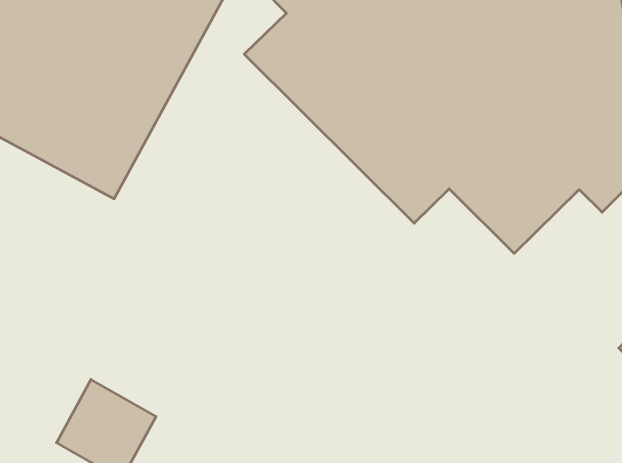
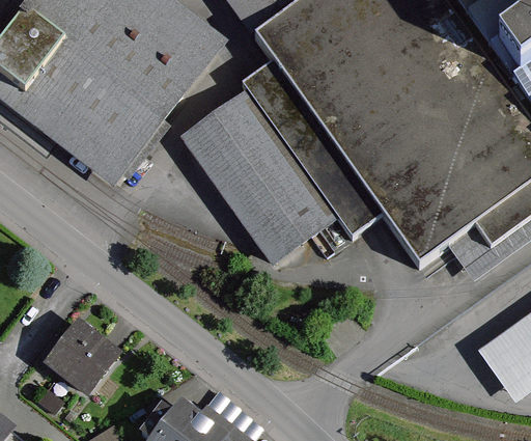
building: none -> [180,98,328,263]

